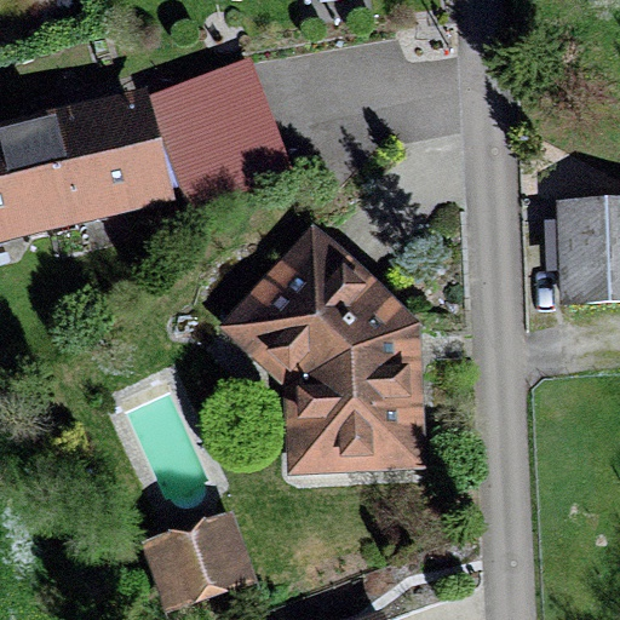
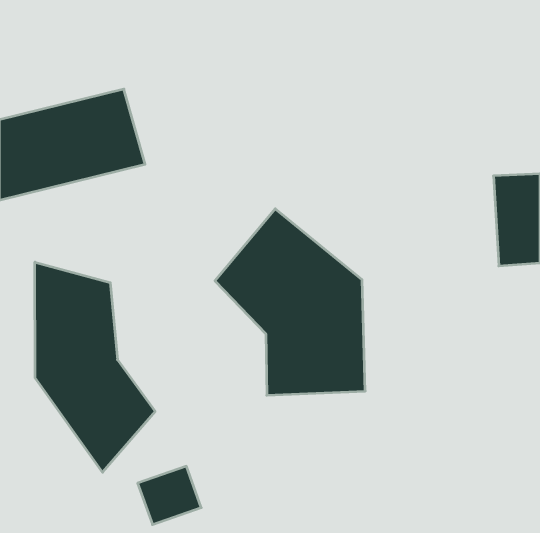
building: [153,69,280,202] -> none
building: none -> [35,262,155,472]

